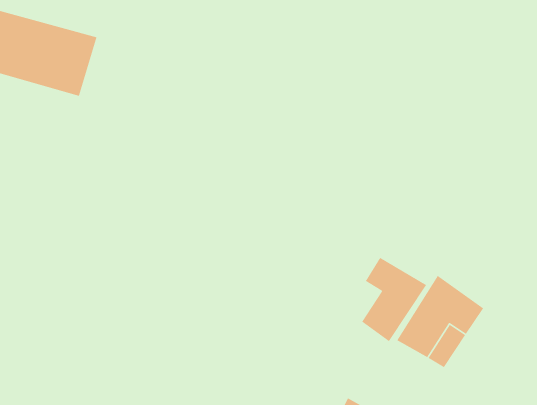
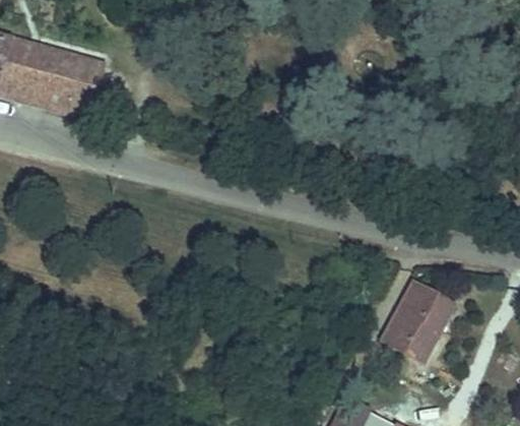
building: [361,257,427,342] -> none

